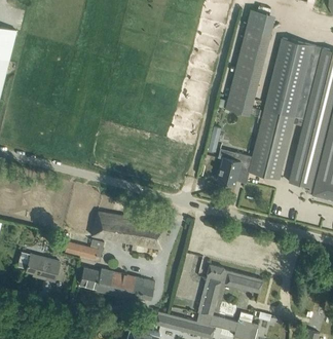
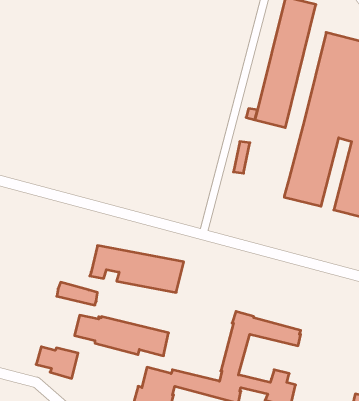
building: [216,152,252,185] -> none
building: [25,256,59,281] -> [36,347,78,378]

